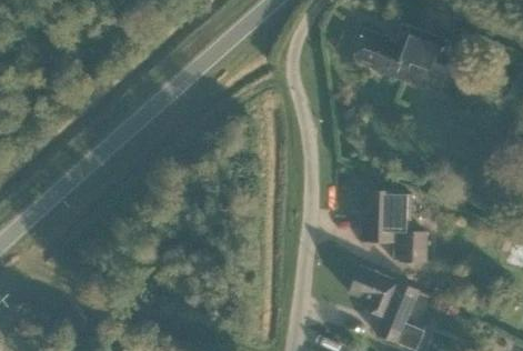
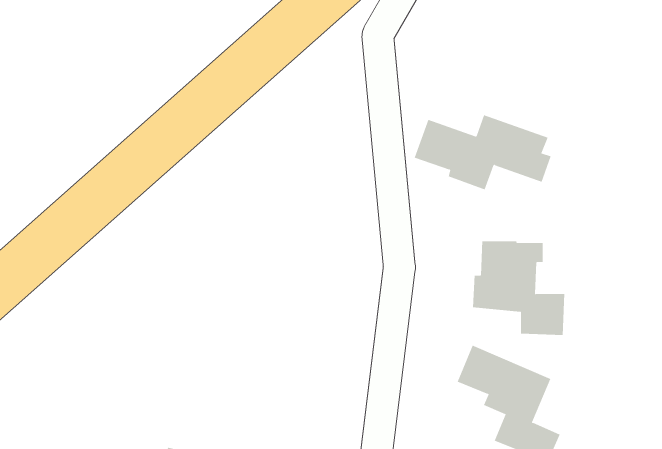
building: [355,28,454,82] -> [414,114,552,190]

